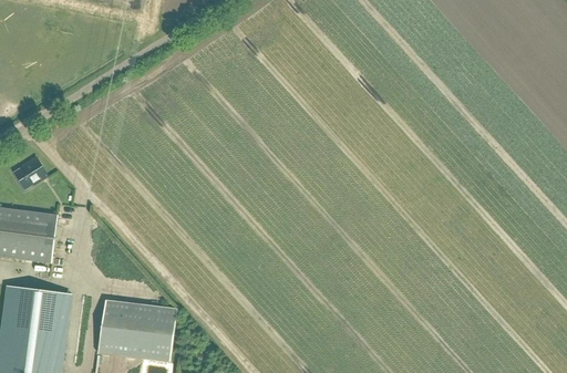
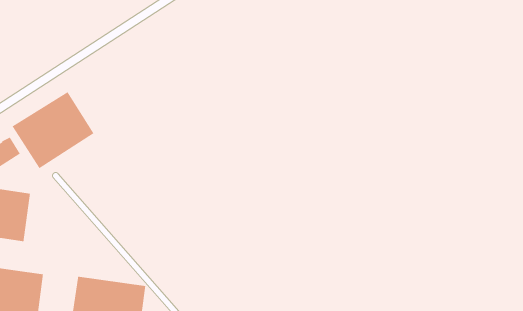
building: none -> [11,91,94,169]

